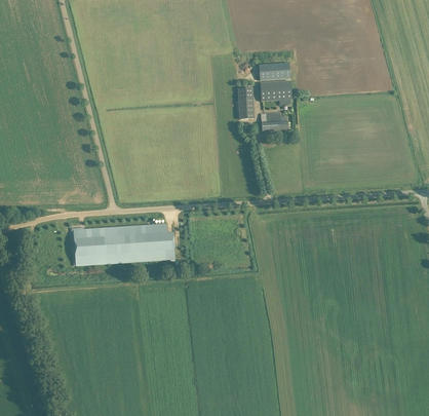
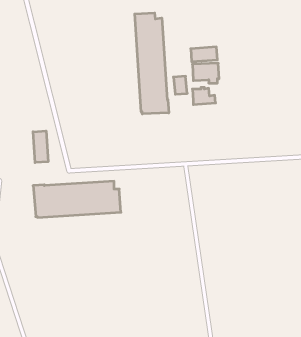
building: none -> [135,13,169,114]
building: none -> [33,131,48,163]

